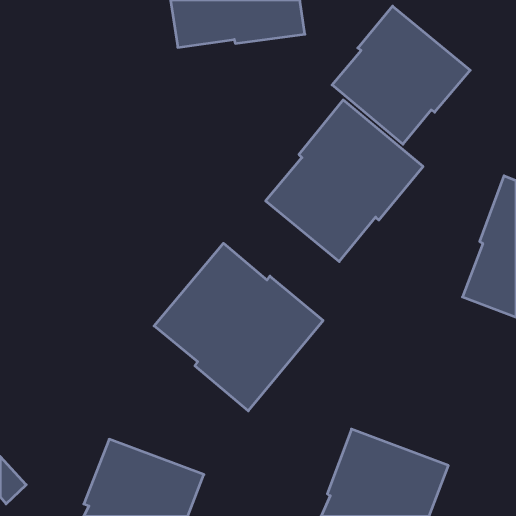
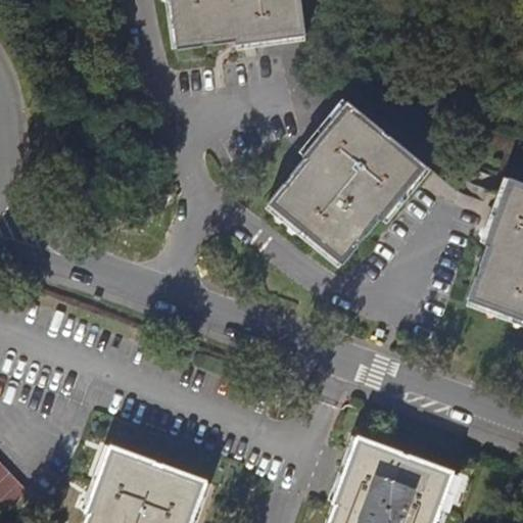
building: [332,6,470,144] -> none
building: [154,243,323,411] -> none

